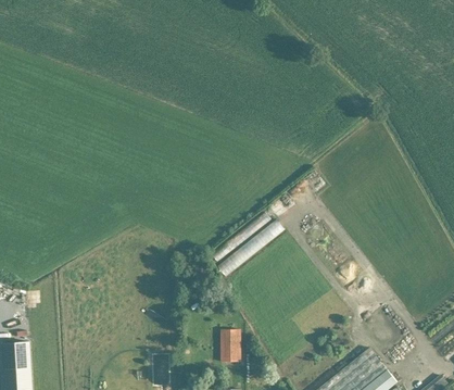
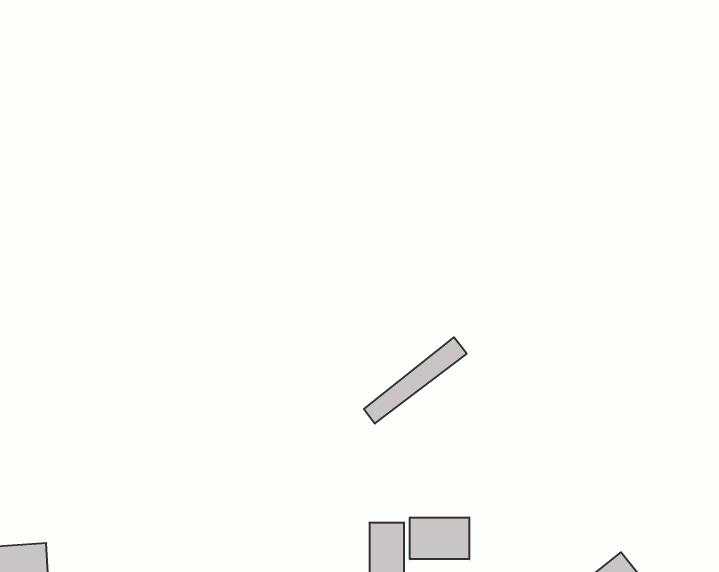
building: none -> [410,517,469,559]

